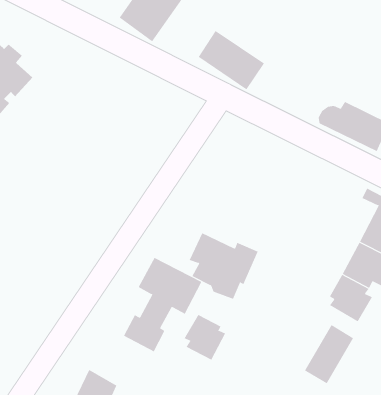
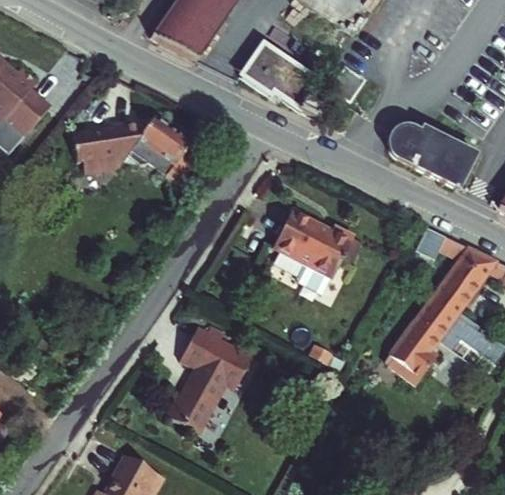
building: none -> [74,116,191,186]
building: [189,233,258,299] -> [270,209,351,287]
building: [184,314,226,360] -> none
building: [304,324,354,384] -> none

